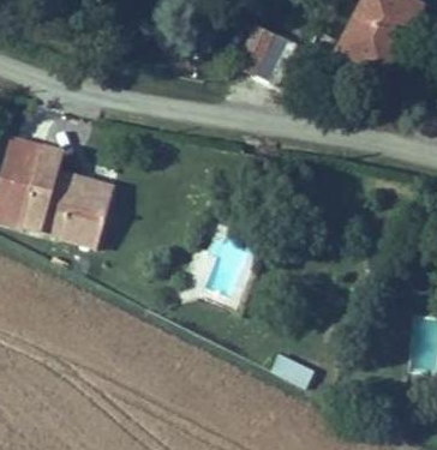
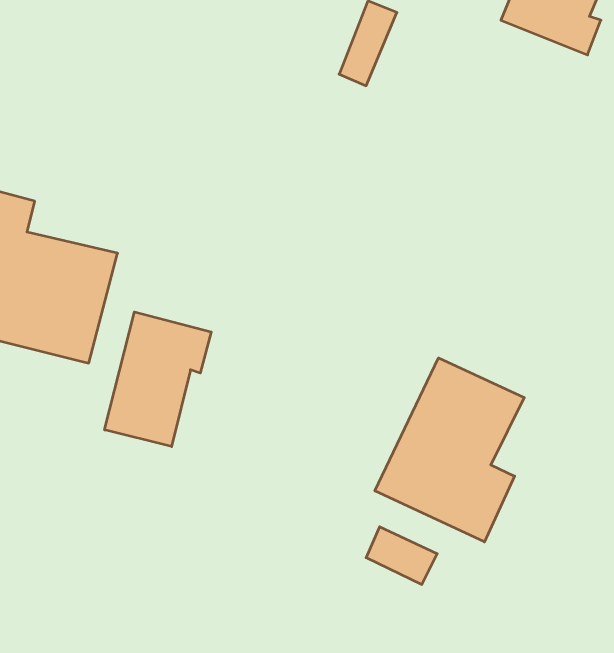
building: none -> [105,312,211,447]
building: none -> [375,358,524,542]

